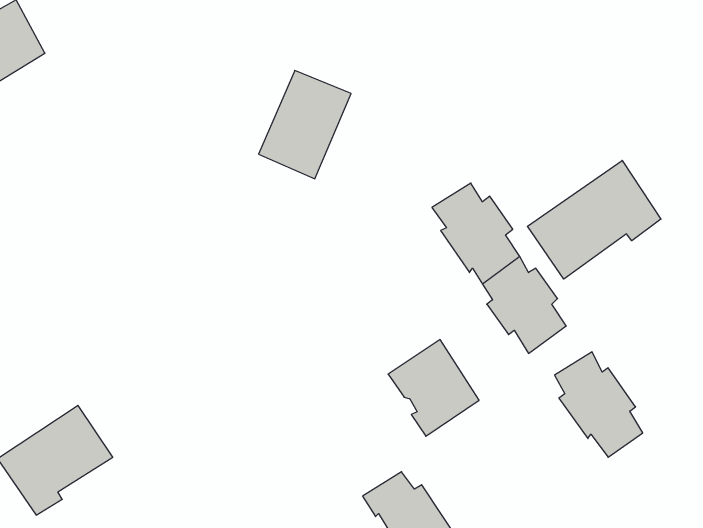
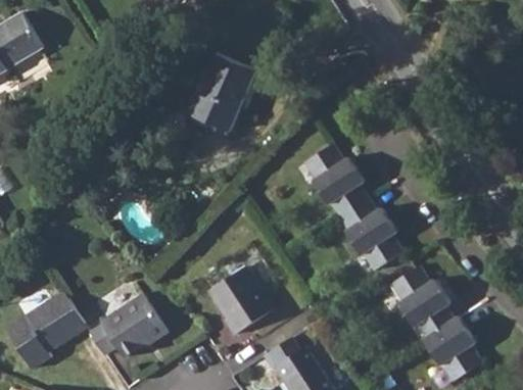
building: [527,160,661,279] -> none
building: [388,340,479,436] -> [207,267,272,336]
building: none -> [87,294,164,357]
building: none -> [431,308,489,369]

